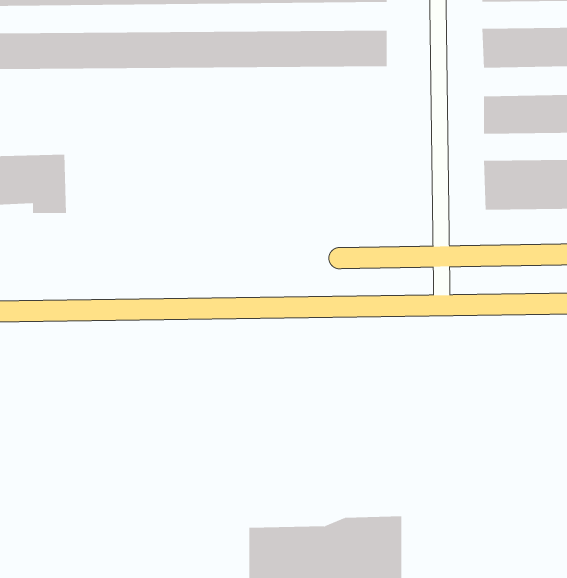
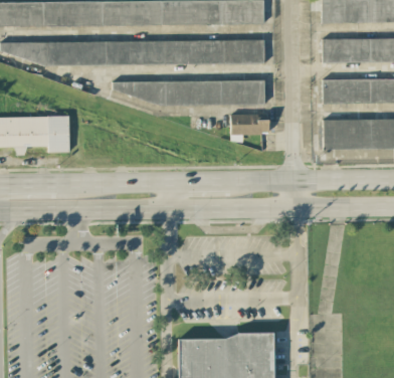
building: none -> [113,80,264,103]
building: none -> [234,114,269,135]

